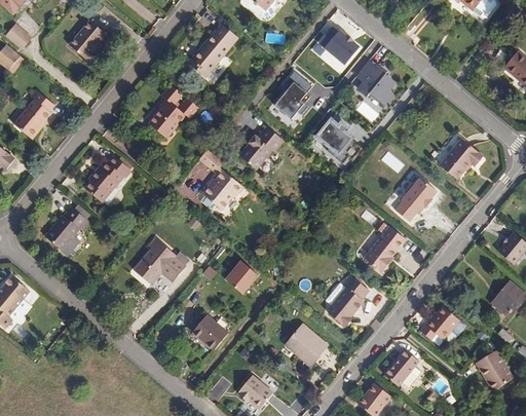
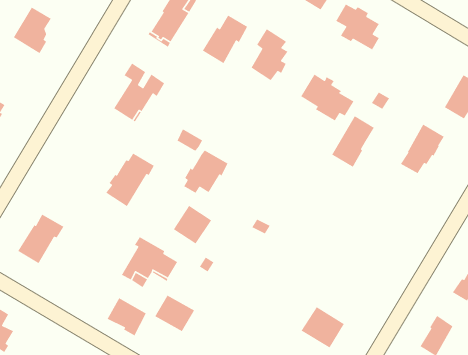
building: [238,126,283,169] -> [202,14,248,64]
building: [83,155,130,202] -> [105,153,155,207]
building: [364,225,406,271] -> [331,115,375,168]
building: [225,259,261,295] -> [173,205,212,245]
building: [327,275,368,325] -> none
building: none -> [107,297,147,337]
building: [191,314,228,349] -> [154,295,195,332]

